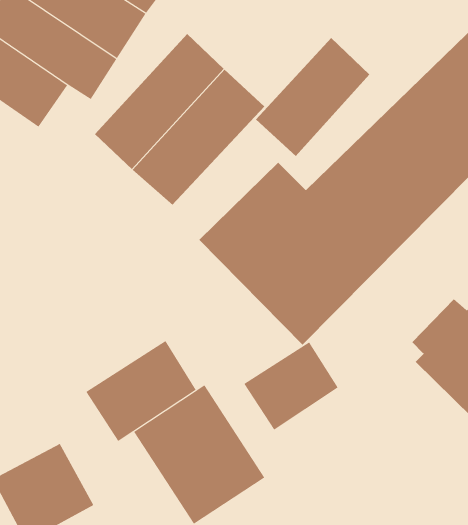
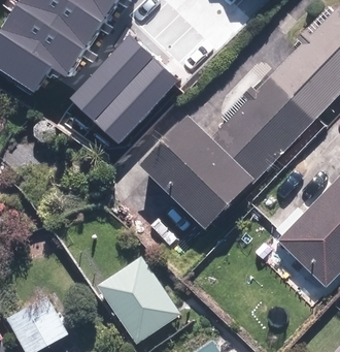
building: [255,37,370,157] -> none
building: [85,340,197,442] -> none
building: [244,341,338,430] -> none

